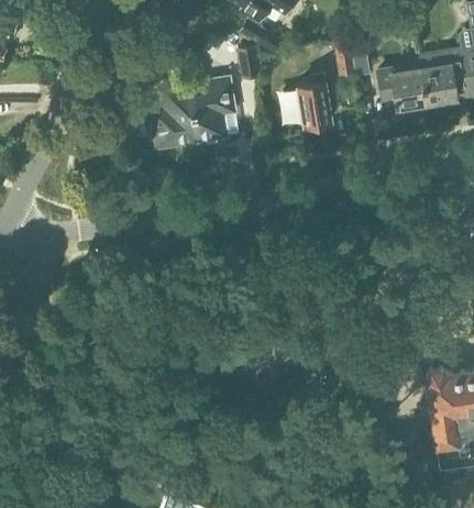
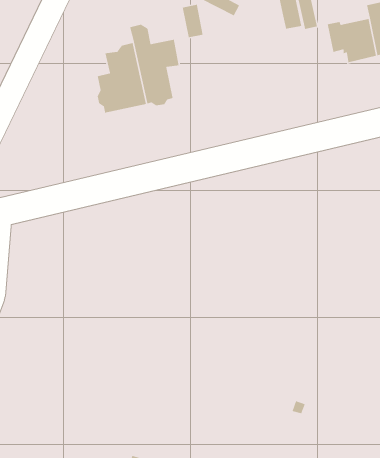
building: [284,74,332,126] -> none

